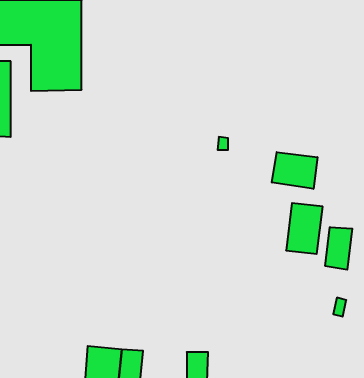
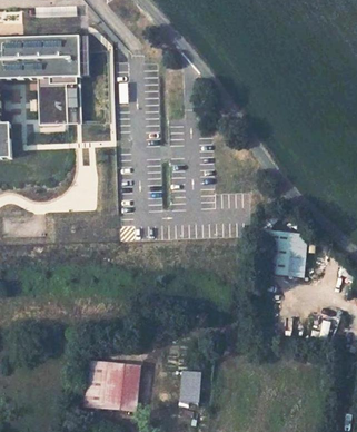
building: [272,152,317,189] -> none
building: [325,227,352,270] -> none

